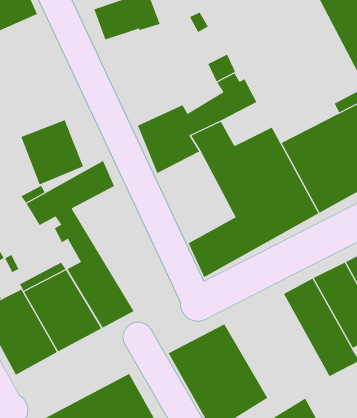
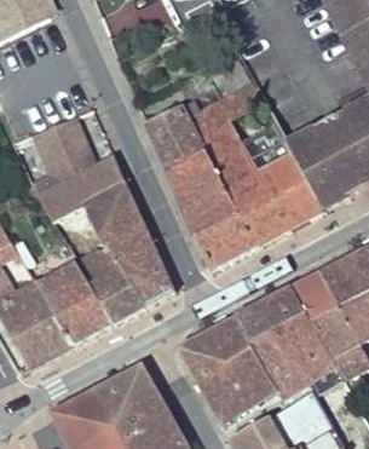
building: none -> [167,149,243,238]
building: none -> [85,183,174,305]
building: none -> [233,288,340,398]

